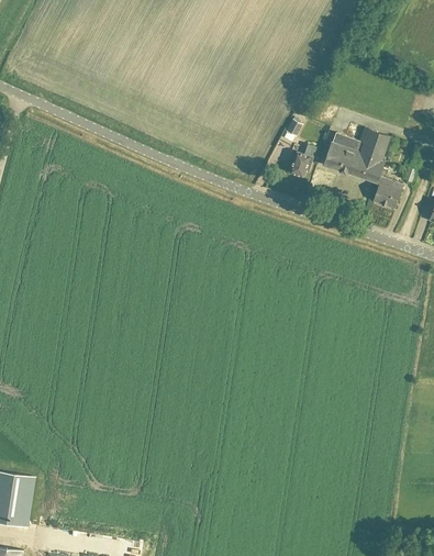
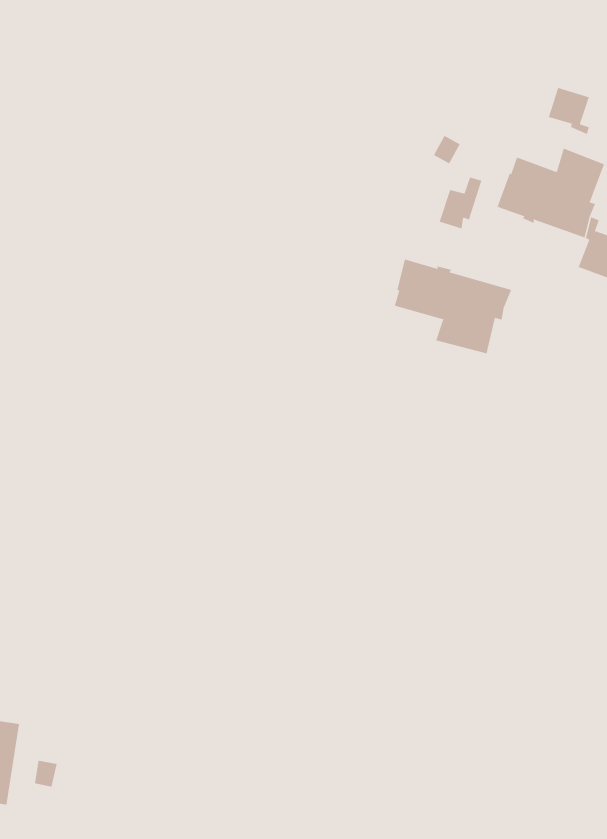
building: none -> [548,87,590,135]
building: none -> [394,258,512,354]

